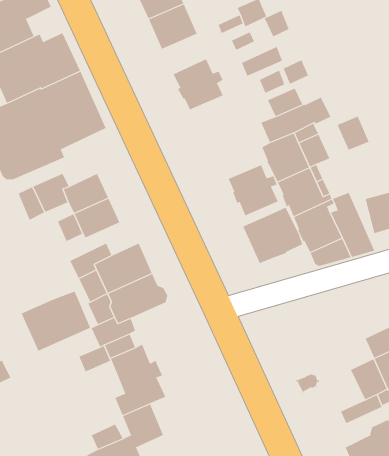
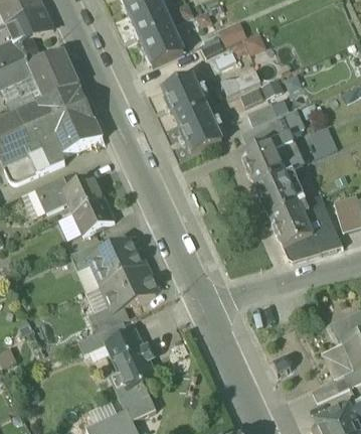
building: [228,164,278,216] -> [177,106,222,152]
building: [243,207,303,264] -> none
building: [21,291,91,352] -> none

